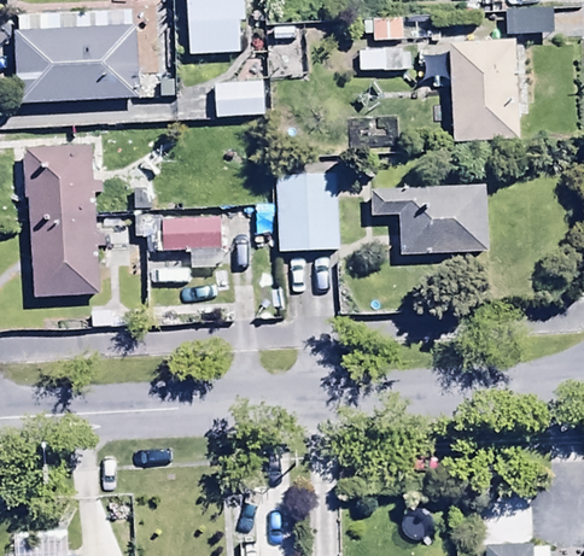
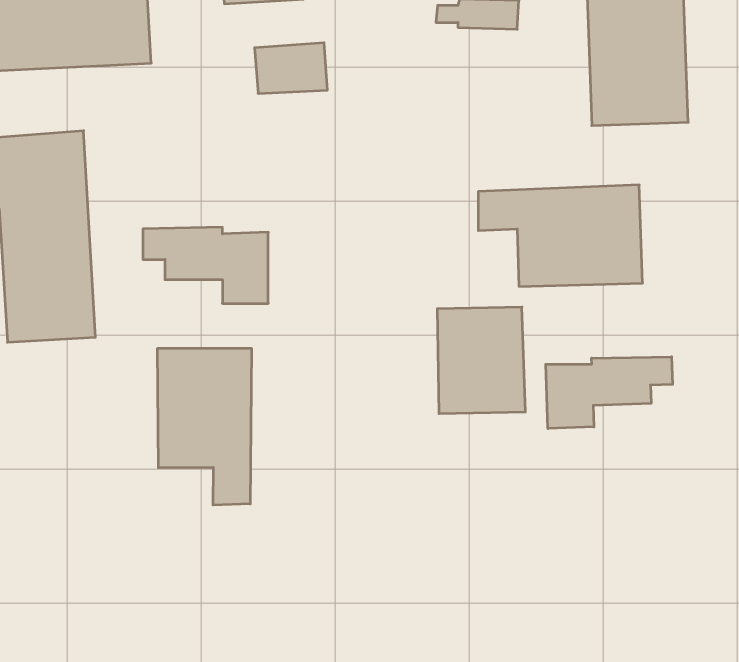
building: [276,174,339,250] -> [437,307,525,414]
building: none -> [158,348,251,505]
building: none -> [546,357,673,429]

